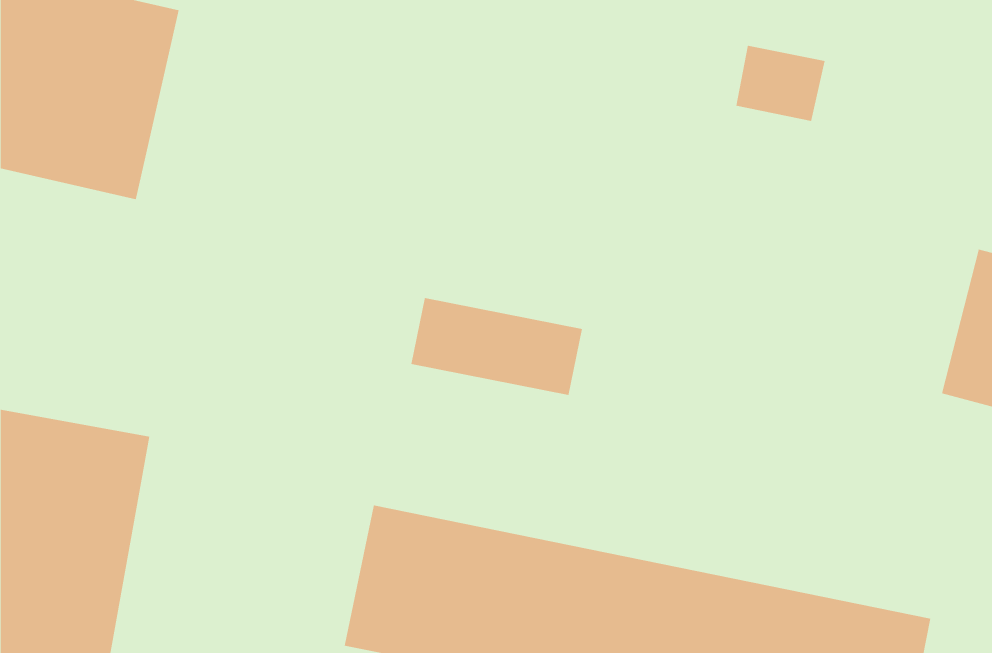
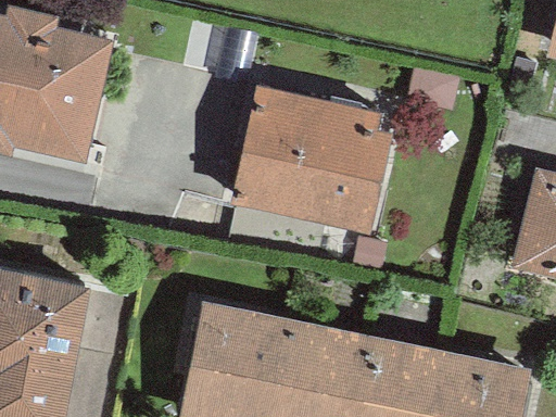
building: none -> [237,97,387,218]

